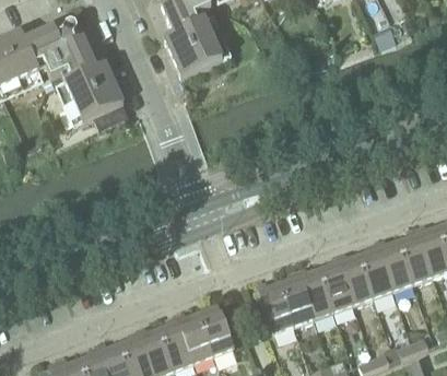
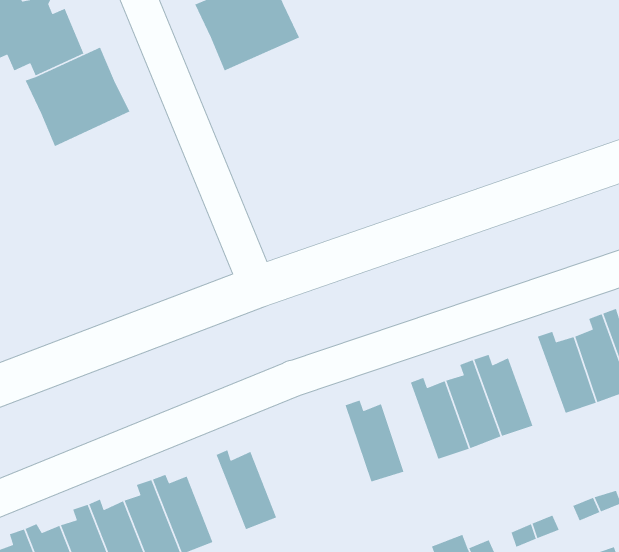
building: [357,240,392,296] -> none
building: [279,269,314,325] -> none
building: [198,298,234,353] -> none
building: [158,314,195,368] -> none

